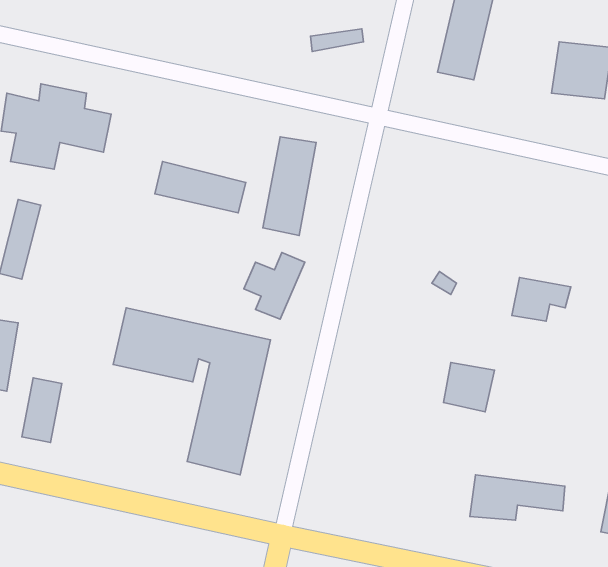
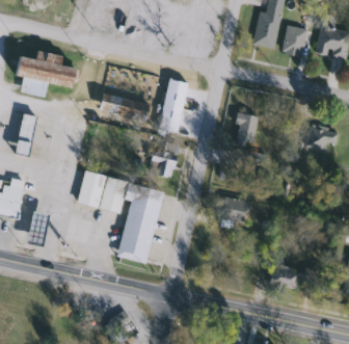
building: none -> [283,25,307,56]
building: none -> [235,113,259,145]
building: [512,277,571,321] -> [306,127,339,151]
building: [443,363,495,412] -> [220,197,248,224]

